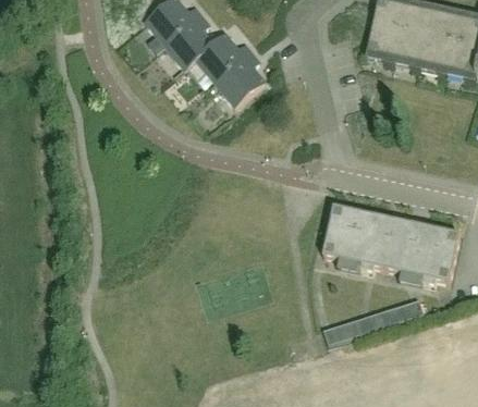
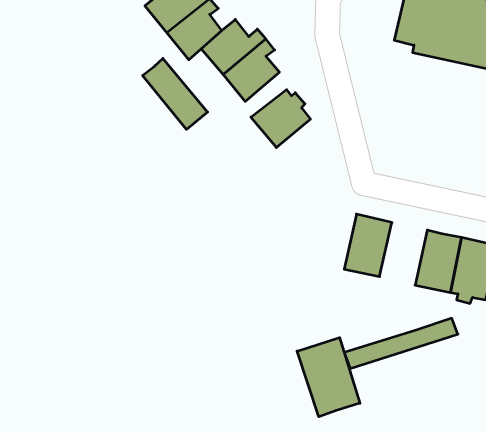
building: none -> [143,58,208,129]
building: none -> [251,90,310,148]
building: [353,212,395,270] -> none
building: none -> [297,338,360,417]

